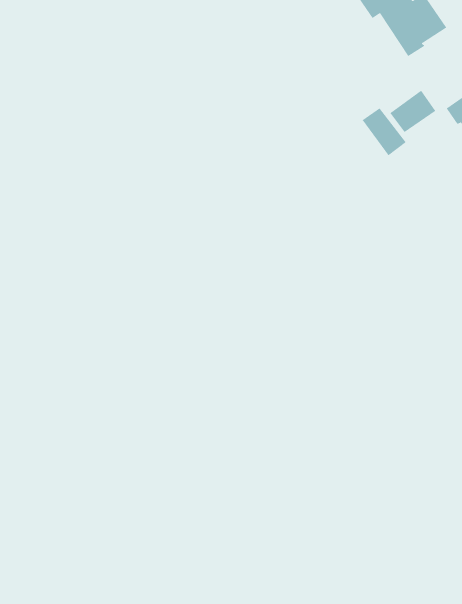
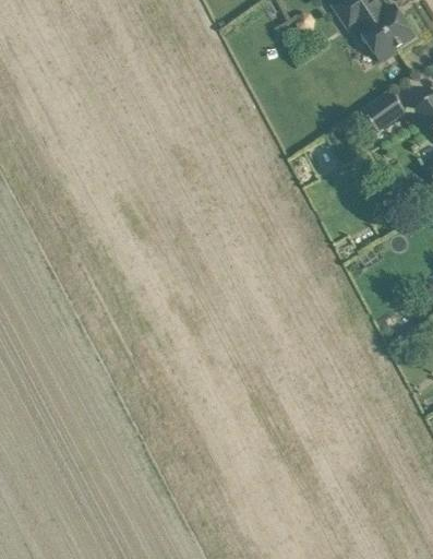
building: [362,107,406,156] -> none

